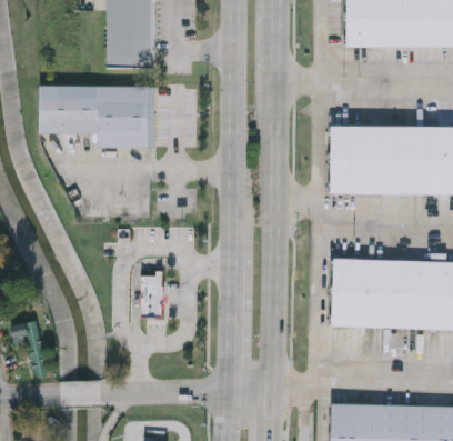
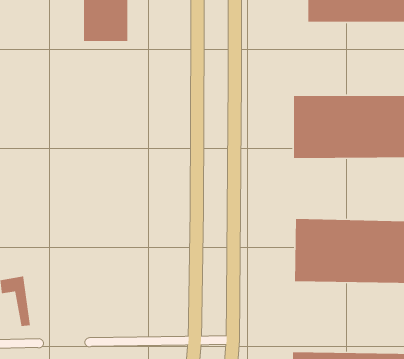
building: [41,86,149,148] -> none
building: [141,272,163,319] -> none

